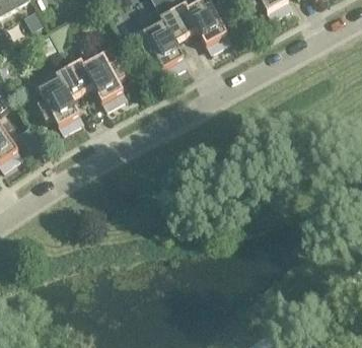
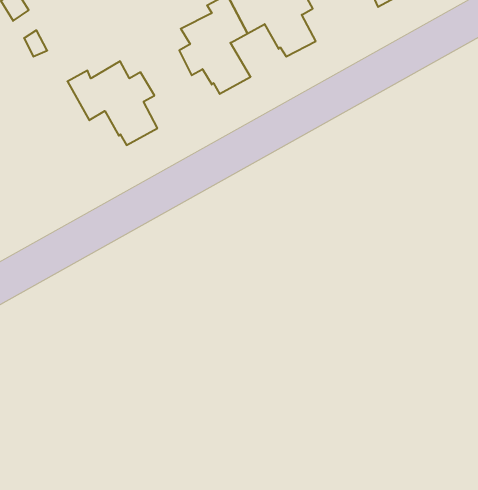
building: [37,66,83,131] -> none

